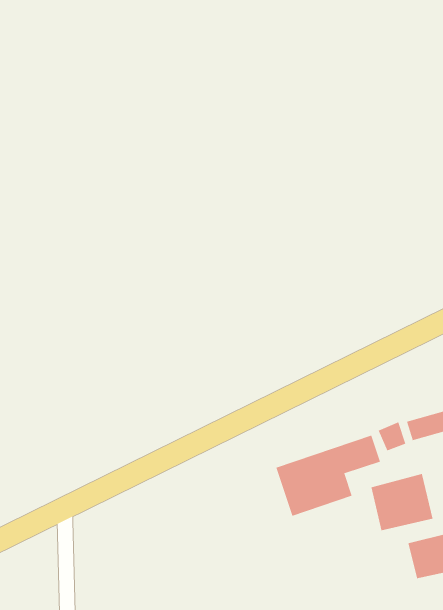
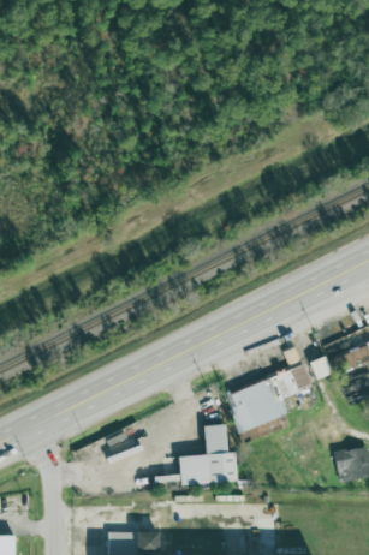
building: [371,473,433,531] -> none
building: none -> [178,424,237,485]

